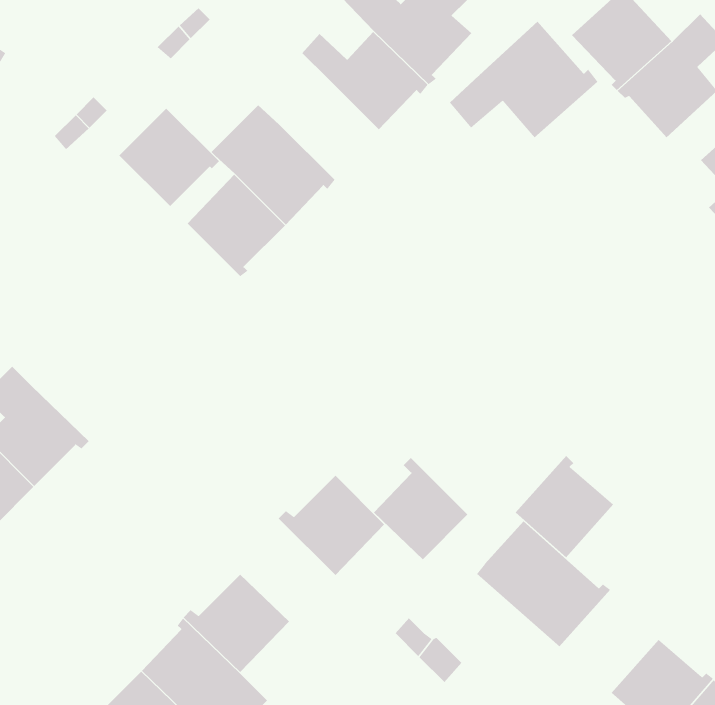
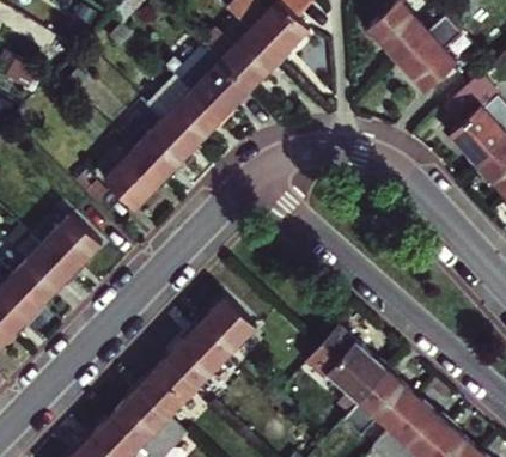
building: [449,21,598,138] -> none
building: none -> [191,59,251,120]
building: [119,108,220,207] -> [106,146,167,206]
building: none -> [42,215,103,278]
building: [515,455,614,558] -> [360,367,420,429]
building: [373,457,468,560] -> [167,324,225,386]

